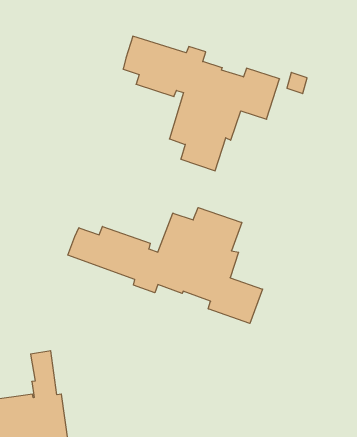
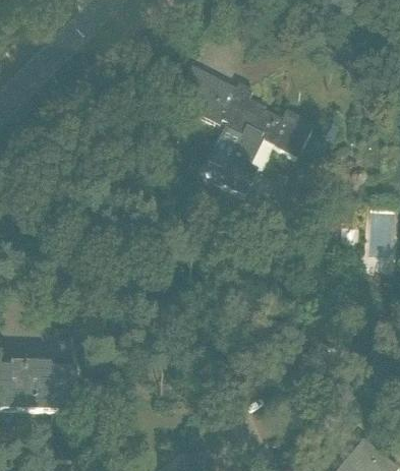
building: [68,208,263,323] -> none

